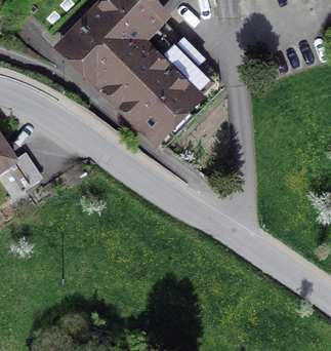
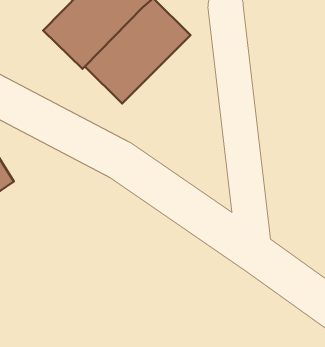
building: [130,52,214,146] -> none

